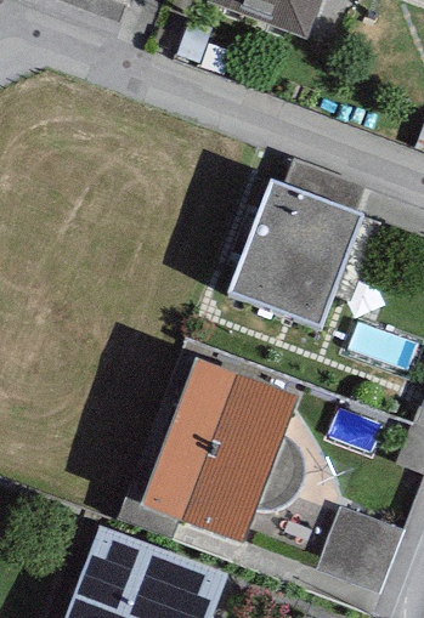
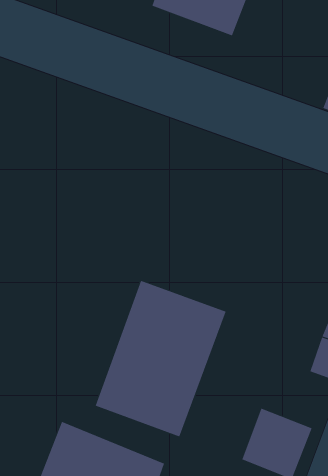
building: [226,175,363,324] -> none

